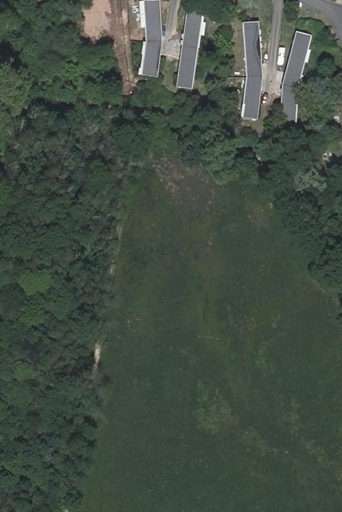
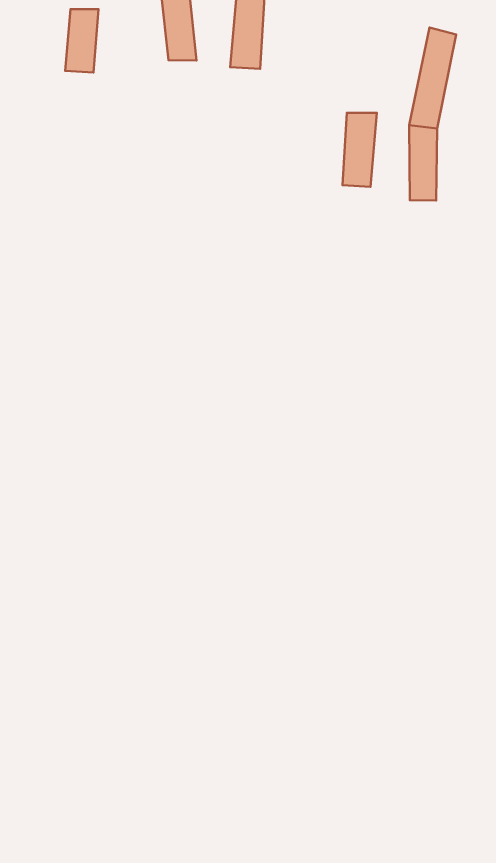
building: [243,20,263,77] -> none
building: [141,40,162,77] -> [65,9,98,73]
building: [176,46,198,89] -> none

